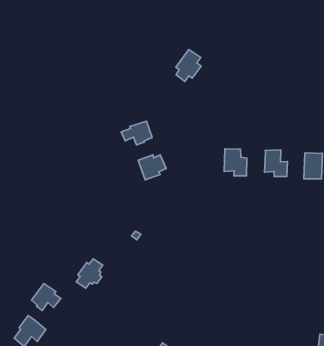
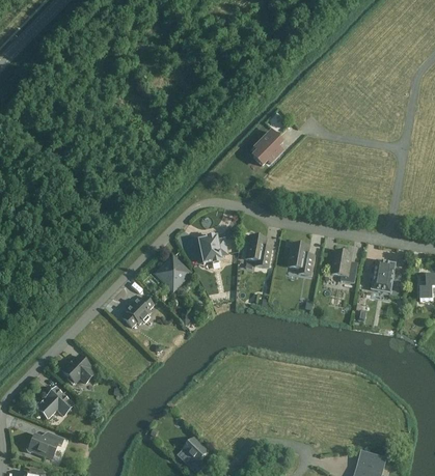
building: [121,121,152,145] -> none
building: none -> [244,234,271,267]
building: none -> [156,256,188,285]
building: [76,259,103,288] -> [121,296,153,326]

